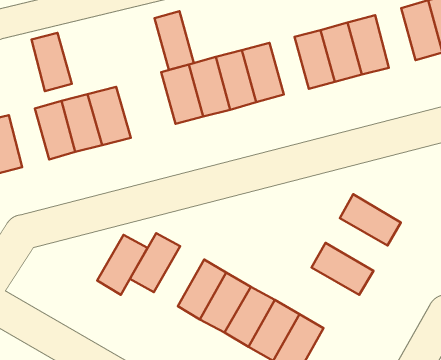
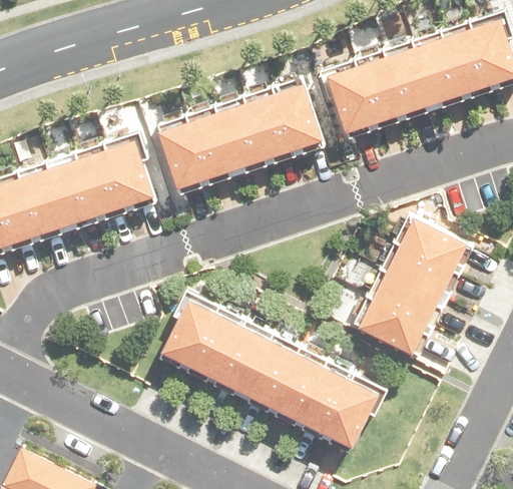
building: none -> [414,36,461,102]
building: [154,11,194,70] -> [155,121,201,186]
building: [31,33,72,91] -> [18,169,65,234]
building: none -> [401,215,470,272]
building: none -> [374,271,442,327]
building: [97,235,147,295] -> [188,312,241,378]

